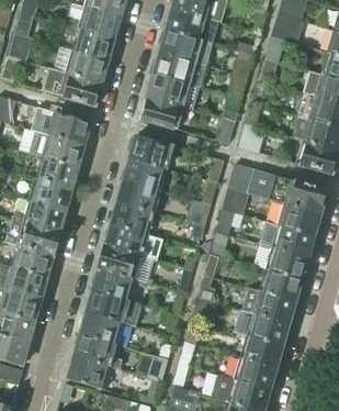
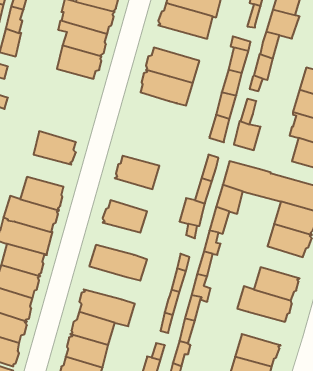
building: [160,30,212,65] -> none
building: [42,67,101,105] -> none
building: [140,96,183,129] -> none
building: [31,108,91,145] -> none
building: [129,135,172,168] -> none
building: [35,157,79,189] -> none
building: [117,180,159,213] -> none
building: [103,224,147,256] -> none
building: [265,247,307,279] -> none
building: [91,267,134,300] -> none
building: [247,312,290,345] -> none

